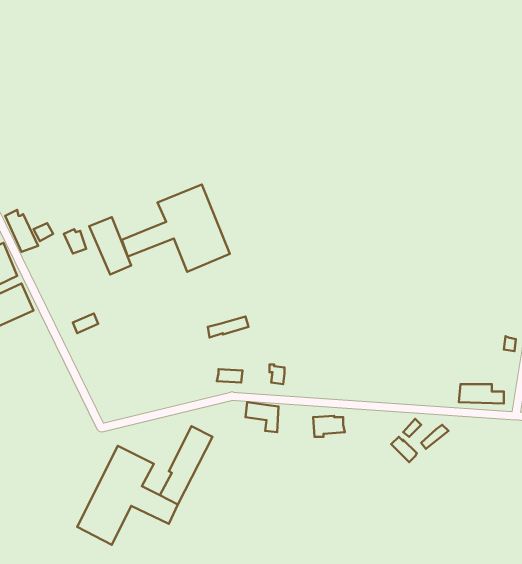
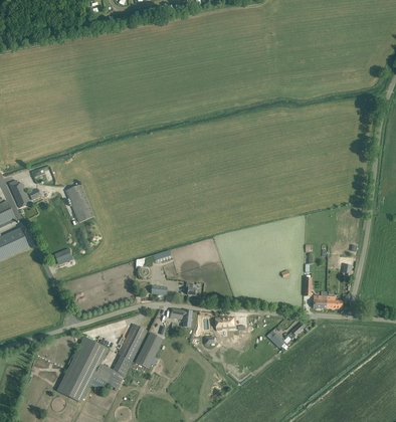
building: [122,184,230,272] -> none
building: none -> [134,331,163,368]

